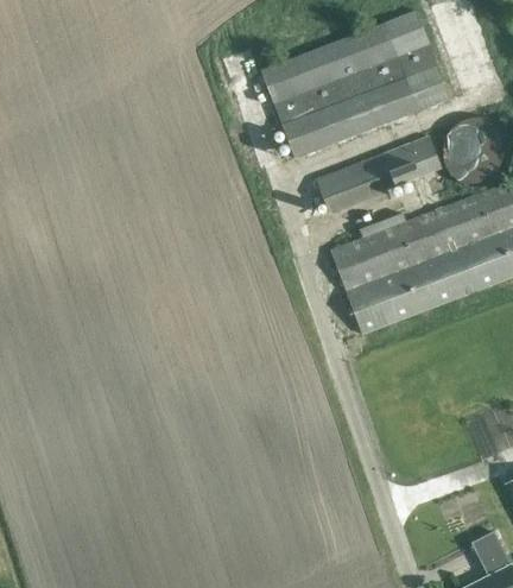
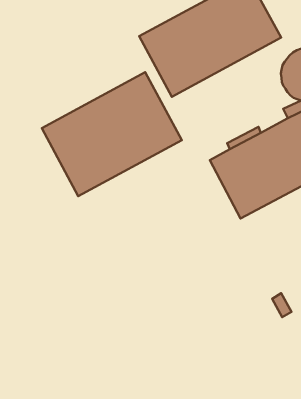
building: none -> [42,72,182,196]
building: [317,137,439,213] -> none

